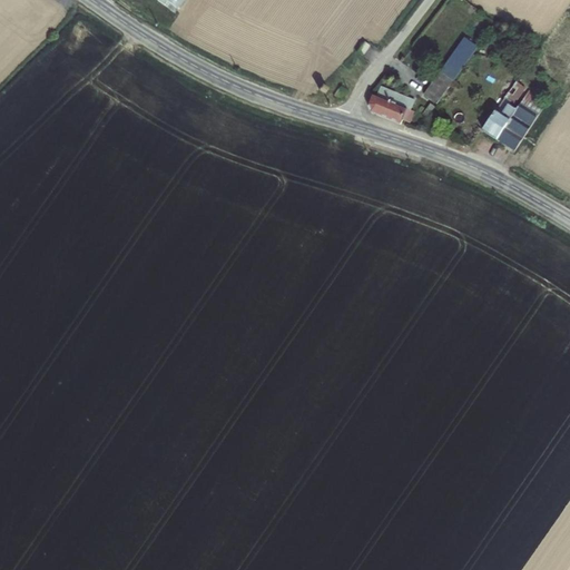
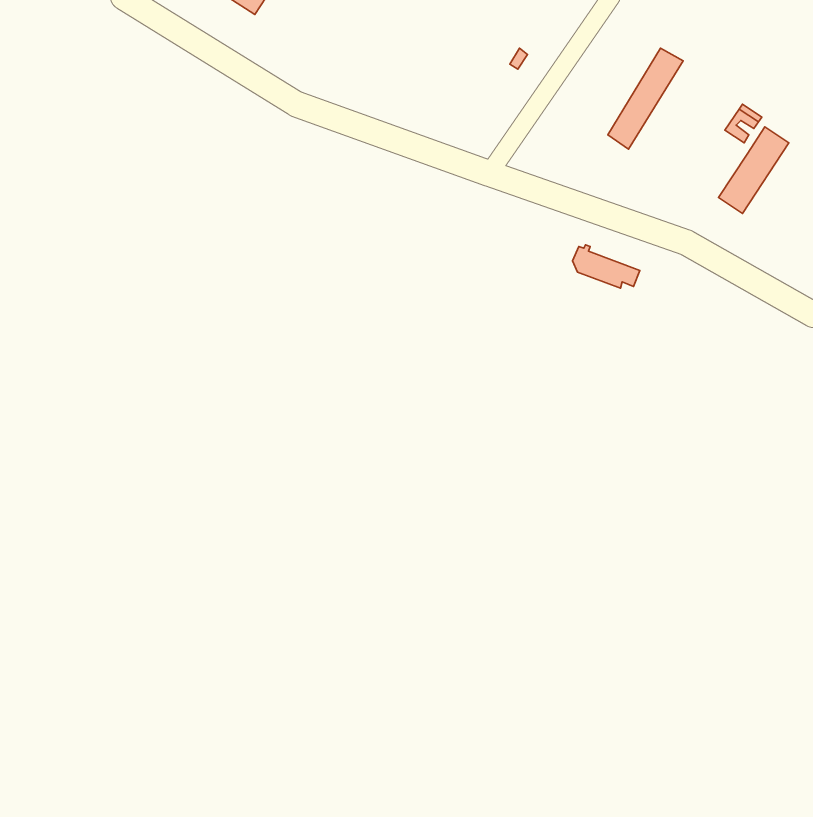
building: [370,91,416,121] -> [573,245,640,288]
building: [484,101,519,137] -> none

